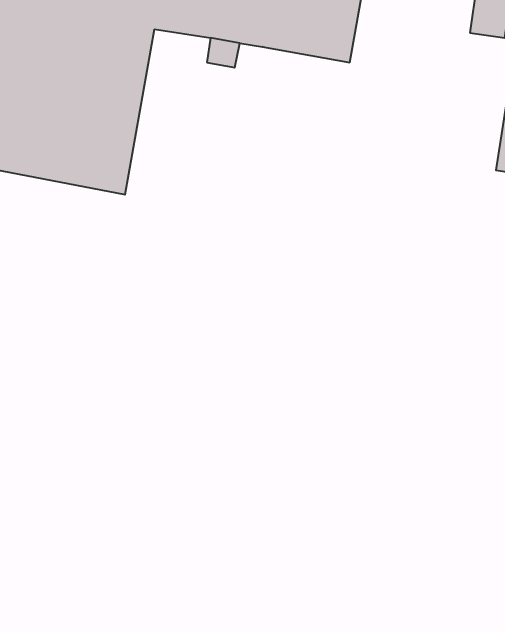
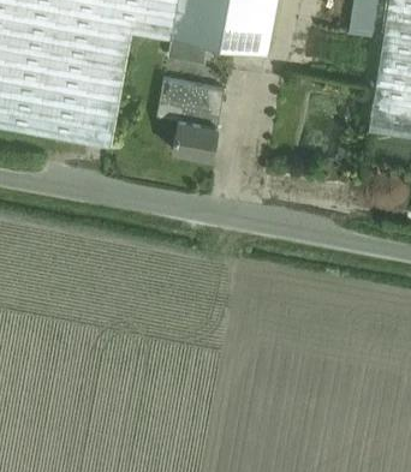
building: none -> [156,76,224,156]

